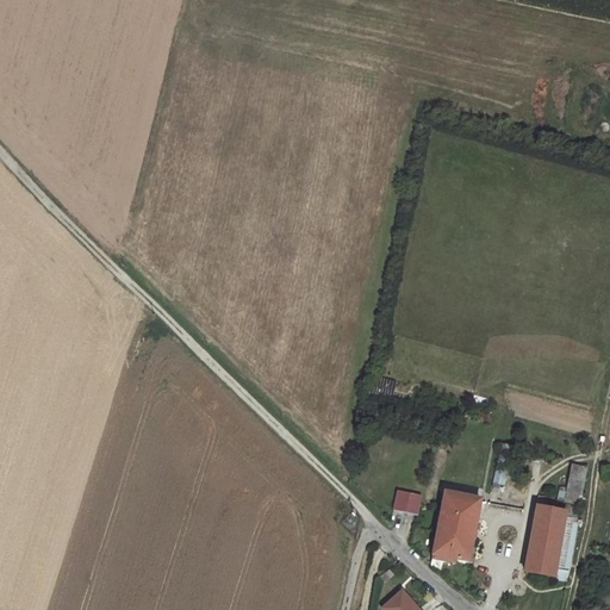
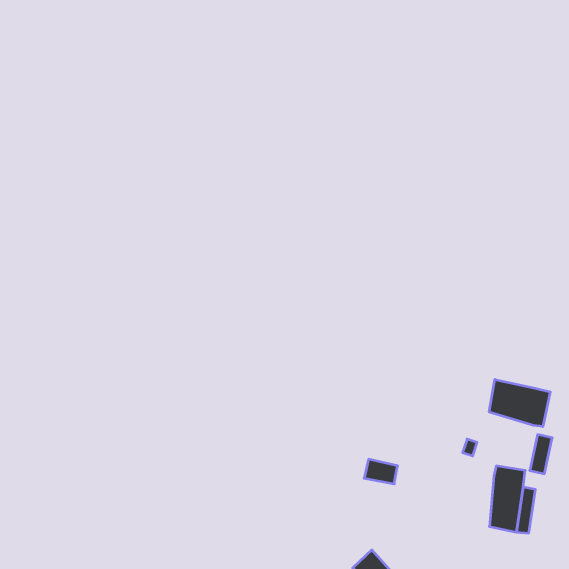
building: none -> [489,379,550,427]
building: [438,493,475,554] -> none

